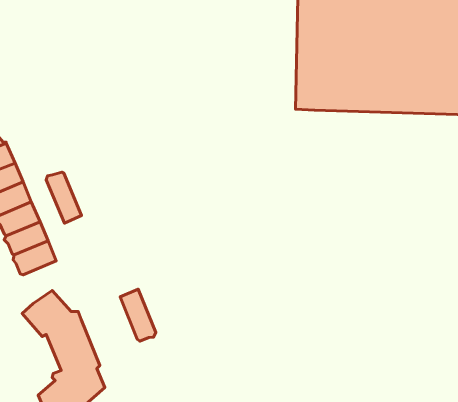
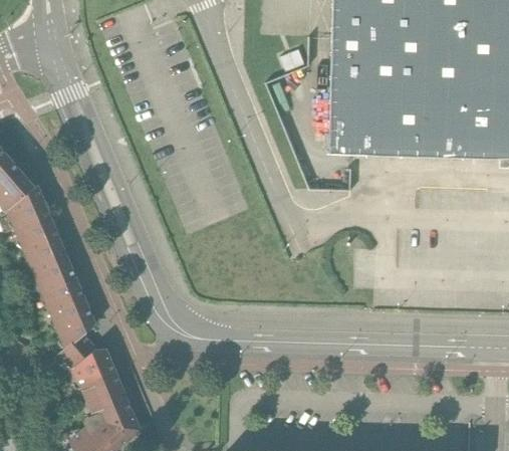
building: [46,172,81,223] -> none
building: none -> [53,305,96,340]
building: [120,289,156,341] -> none

